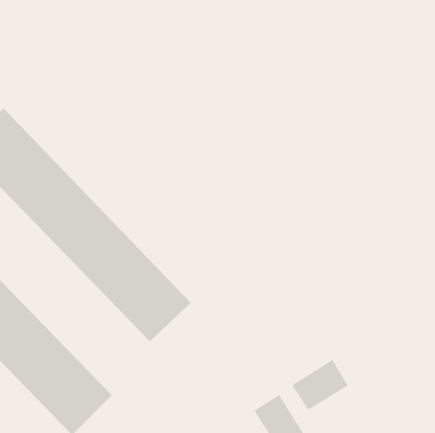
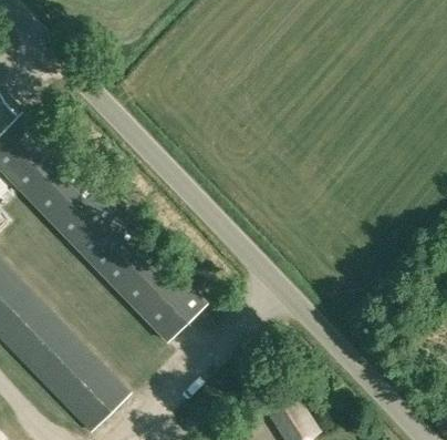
building: [292,359,349,410] -> none

